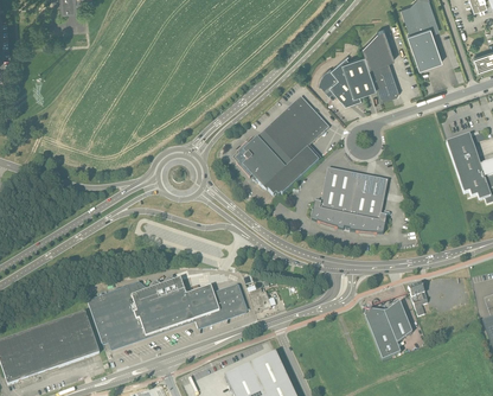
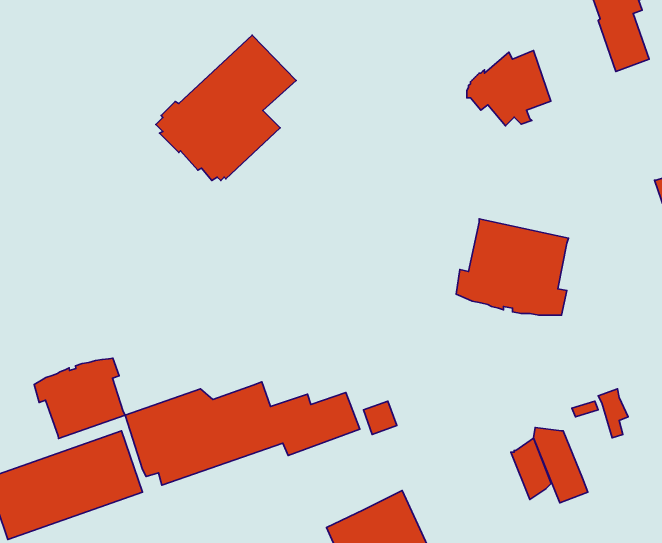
building: [363,27,401,100] -> none
building: [236,96,331,194] -> [156,35,296,181]
building: none -> [34,358,125,439]
building: [385,301,412,343] -> [511,438,551,499]

